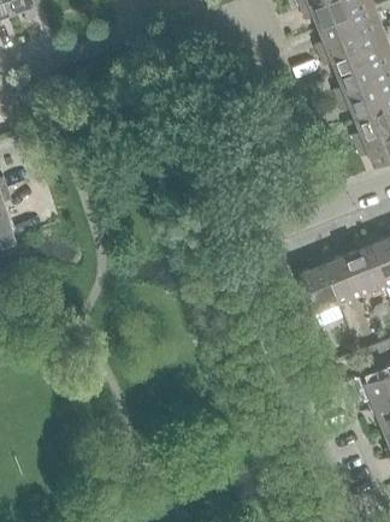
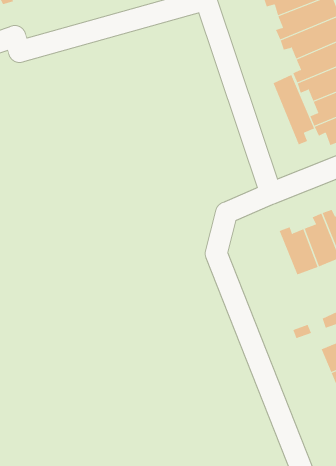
building: none -> [273,74,315,145]
building: [297,256,337,313] -> none

